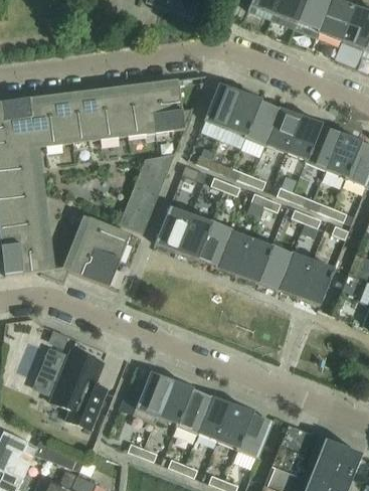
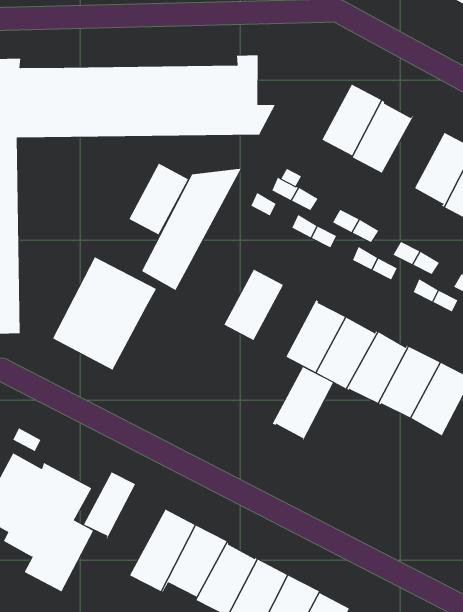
building: [204,83,239,128] -> none
building: [264,107,301,152] -> none
building: [155,205,190,251] -> [129,163,189,235]
building: [195,220,231,267] -> [272,366,334,440]
building: none -> [83,472,136,539]

